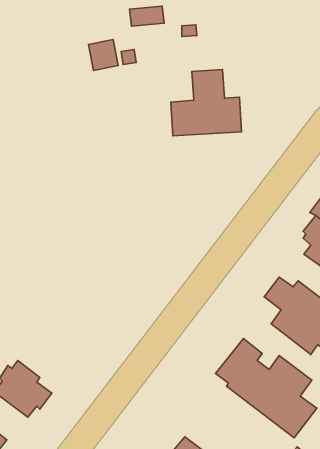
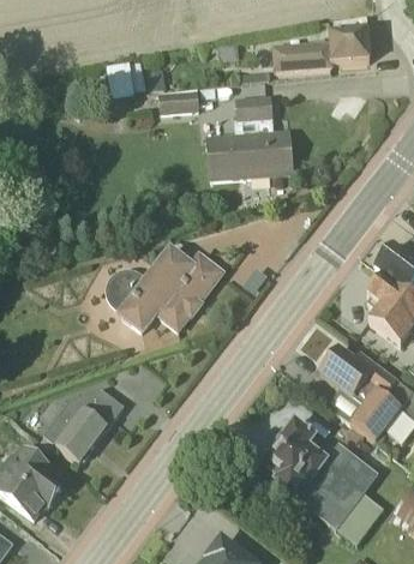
building: [129,6,164,26] -> [158,90,200,114]
building: none -> [274,28,370,70]
building: none -> [104,242,217,334]
building: none -> [41,390,125,463]

